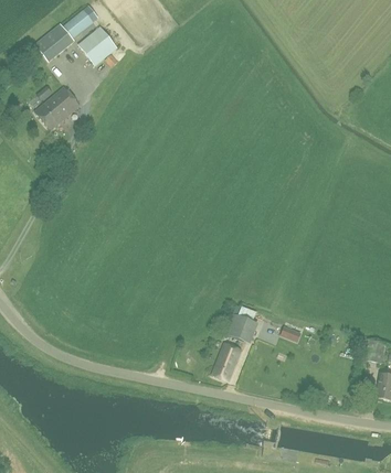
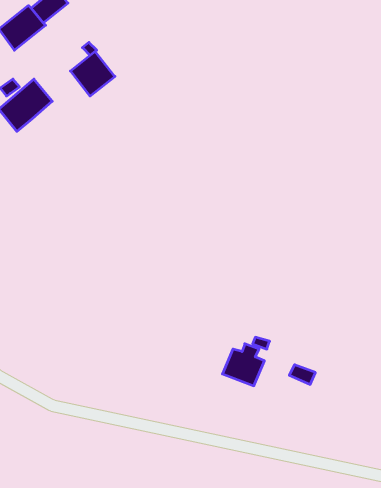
building: [78,26,116,64] -> [70,51,115,96]
building: [212,342,241,380] -> none

